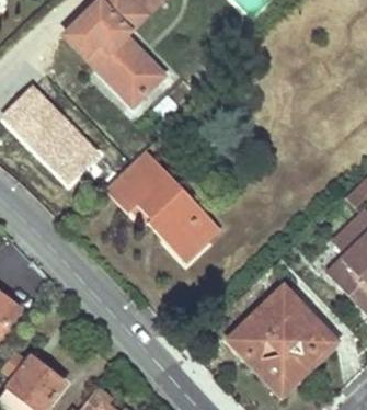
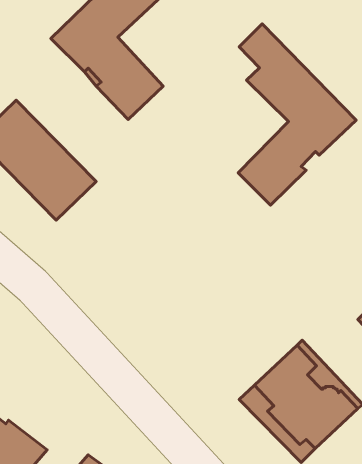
building: none -> [238,24,356,205]
building: [104,148,220,260] -> none

